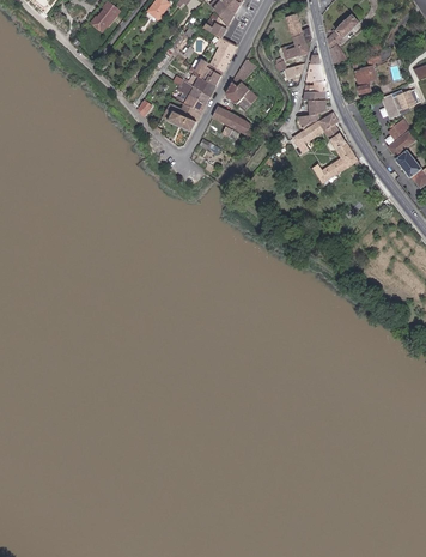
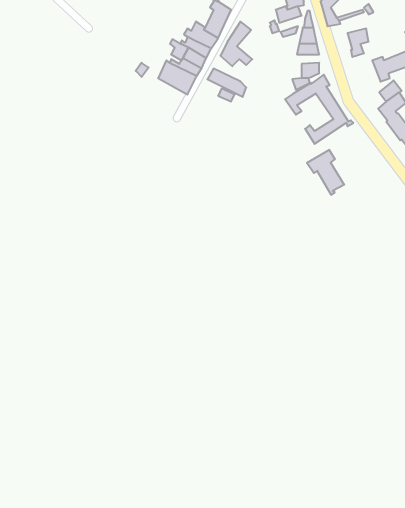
building: none -> [307,150,344,195]

